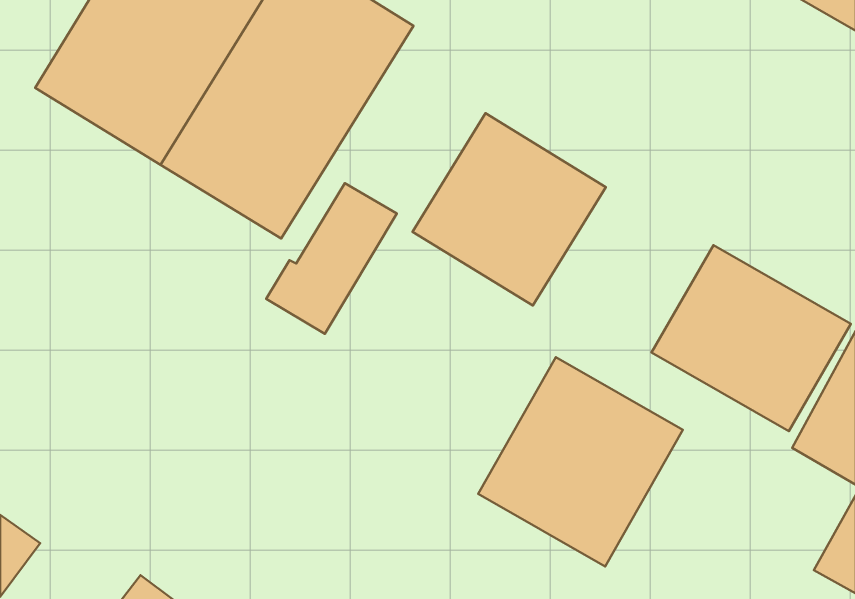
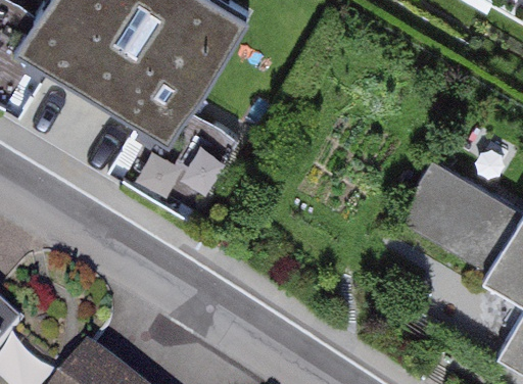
building: [412,113,606,306] -> none
building: [478,357,683,567] -> none

